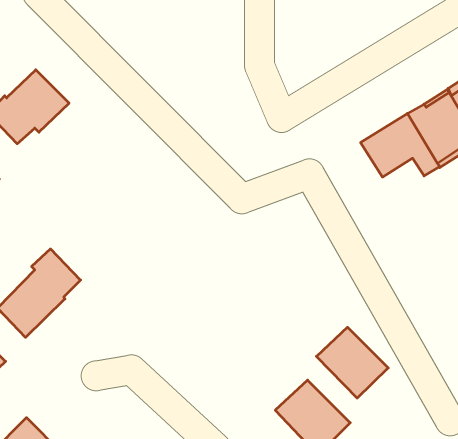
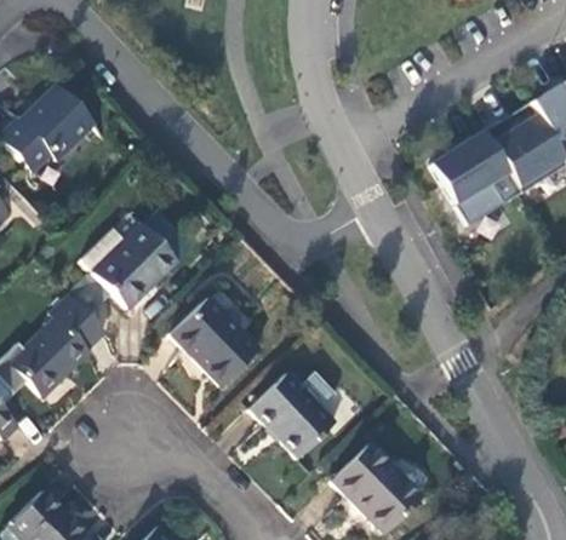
building: none -> [93,223,178,308]
building: none -> [171,295,259,384]
building: [316,327,388,398] -> [251,373,335,455]

